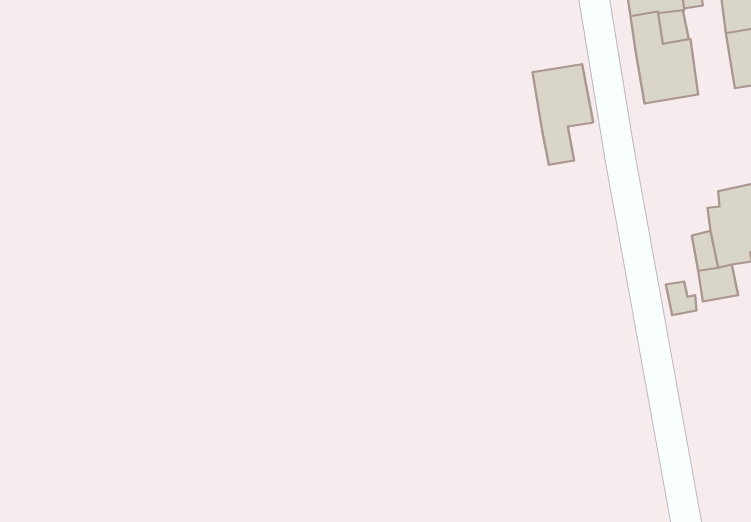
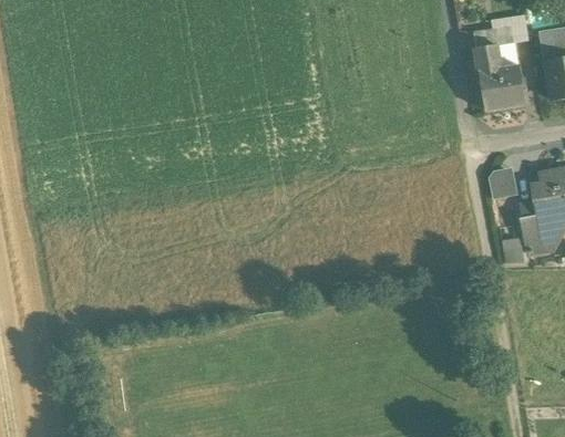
building: [533,64,593,165] -> none
building: none -> [489,168,516,198]

